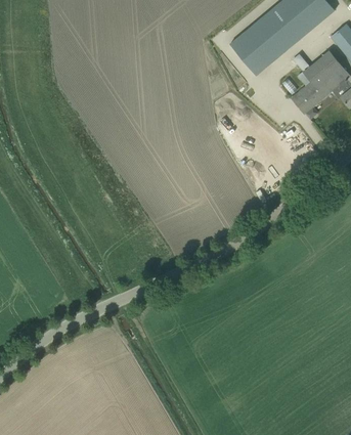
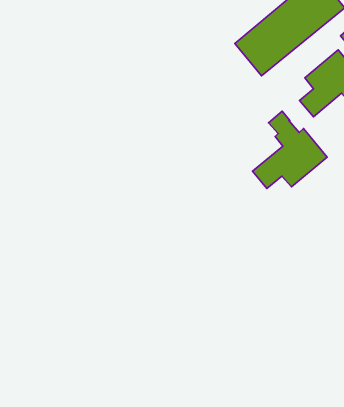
building: none -> [253,111,327,189]

